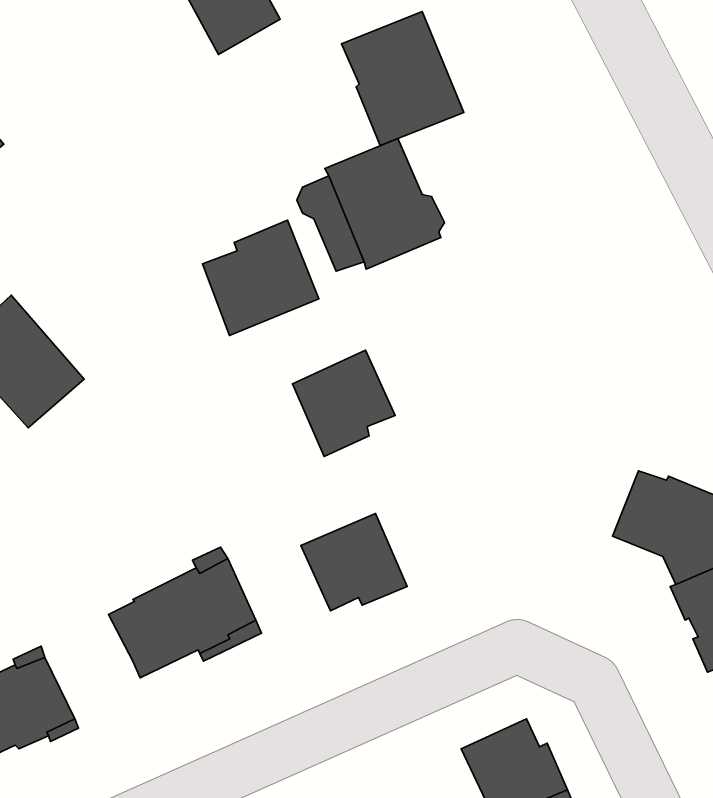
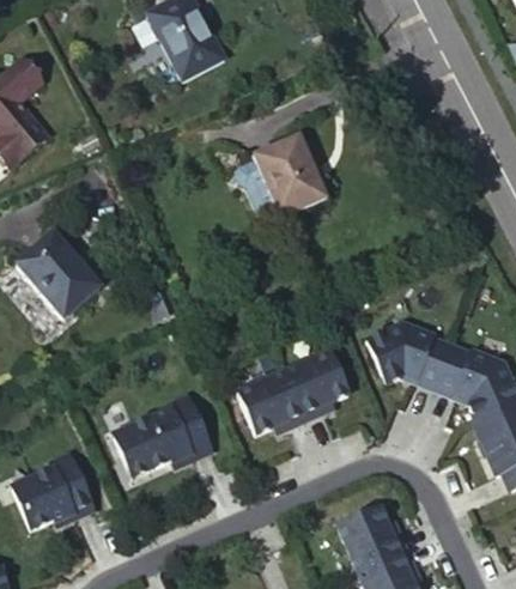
building: [342,12,464,145] -> none
building: [203,220,319,335] -> none
building: [293,350,395,457] -> [284,352,350,420]
building: none -> [366,323,453,388]

